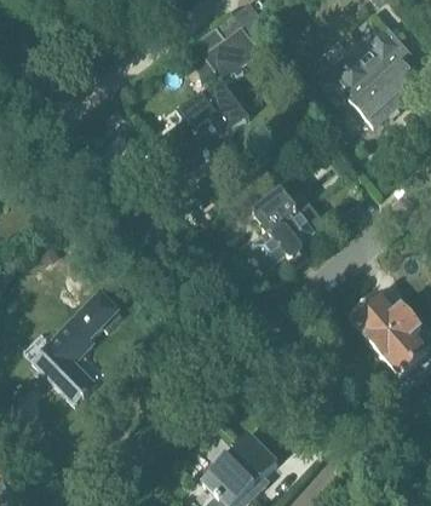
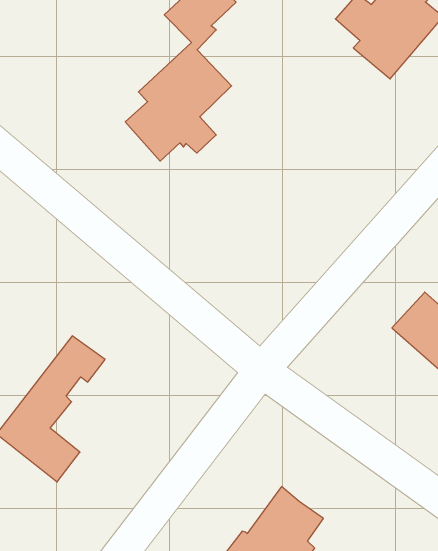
building: [251,188,314,266] -> none

